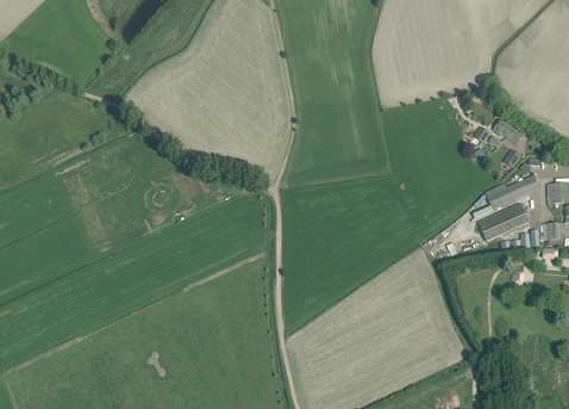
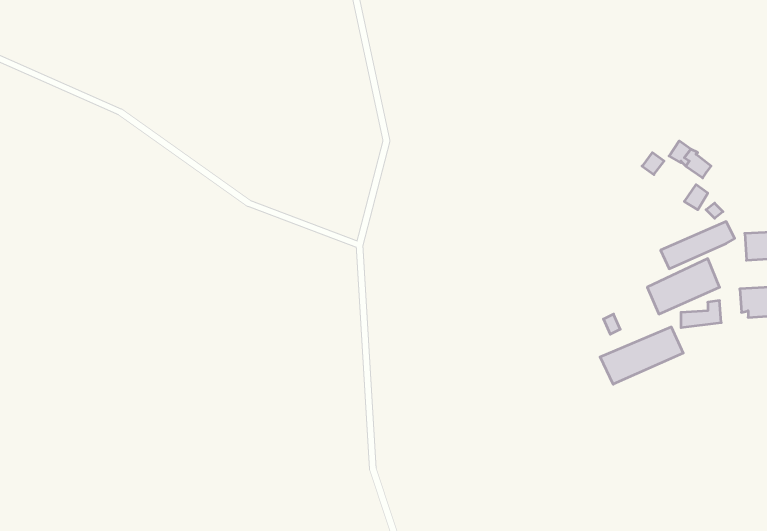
building: none -> [600,327,683,384]

